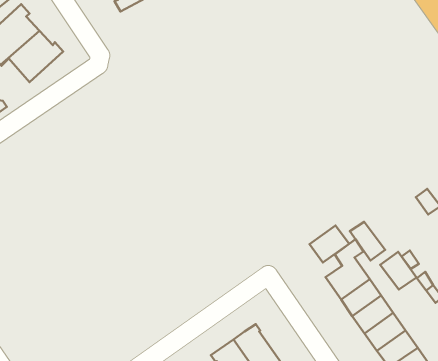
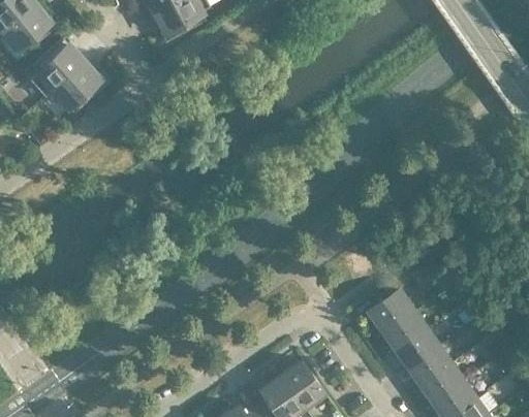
building: [350,222,385,260] -> none
building: [309,225,349,263] -> none
building: [380,252,416,290] -> none

